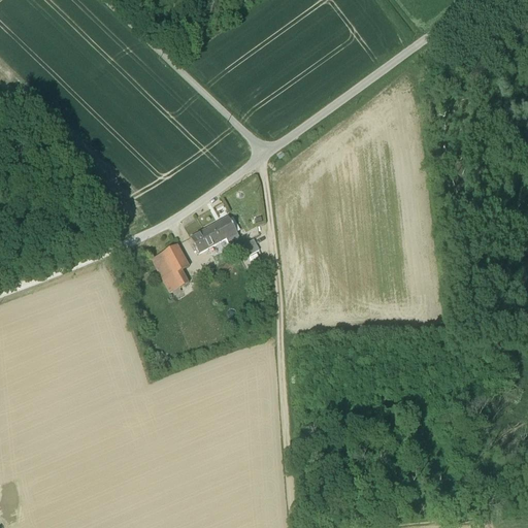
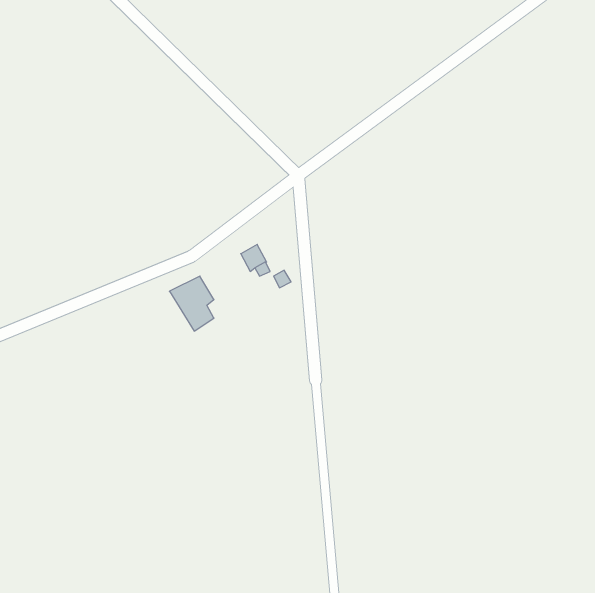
building: [191,224,221,251] -> none

